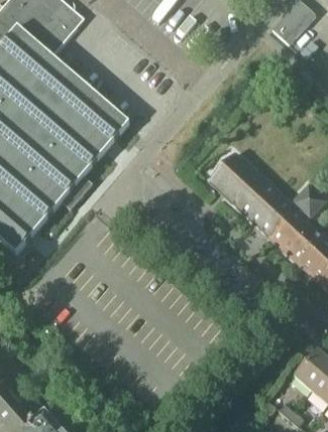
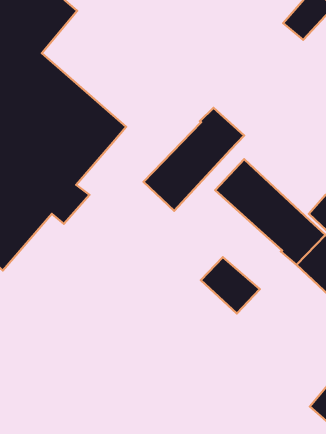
building: none -> [144,108,244,211]
building: none -> [201,257,260,313]

